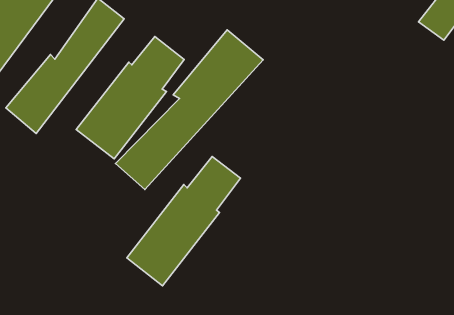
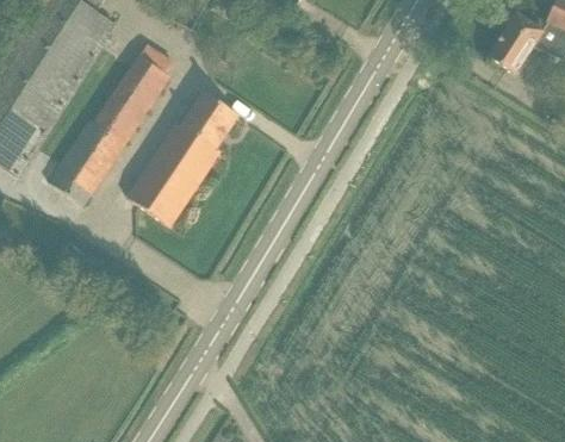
building: [116,30,263,190] -> none
building: [127,157,240,286] -> none

